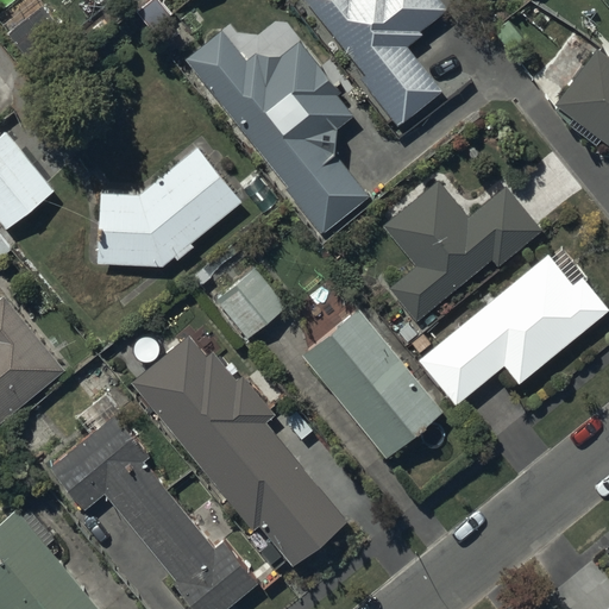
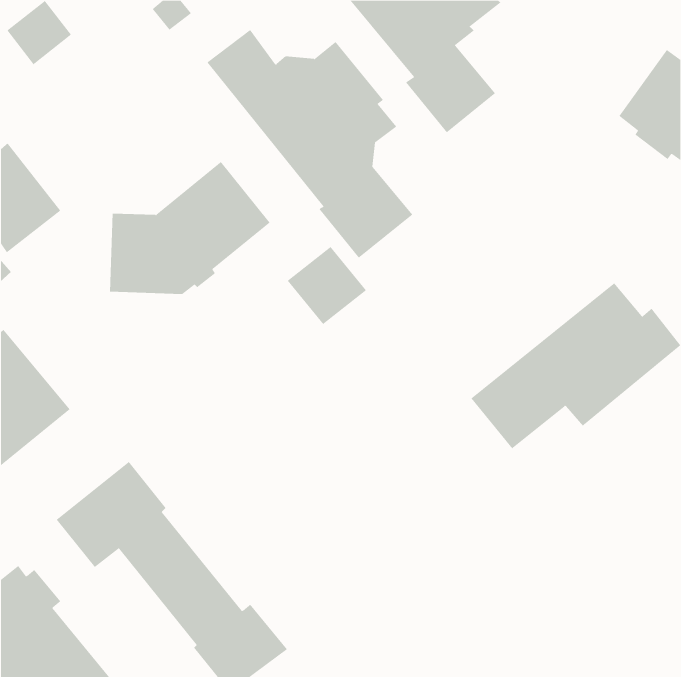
building: [382,181,542,322] -> none
building: [215,269,287,339] -> [287,246,367,325]
building: [303,308,444,458] -> none
building: [131,335,347,567] -> none

